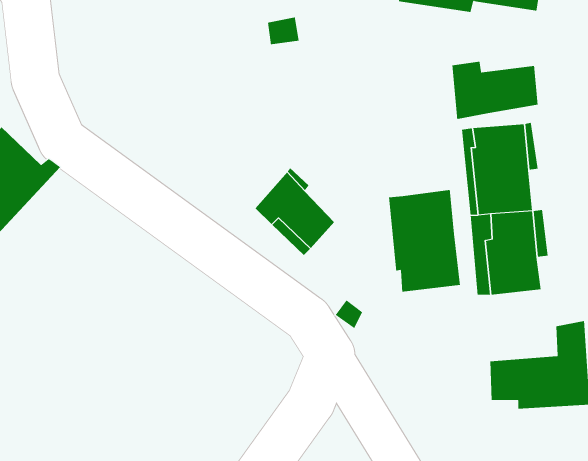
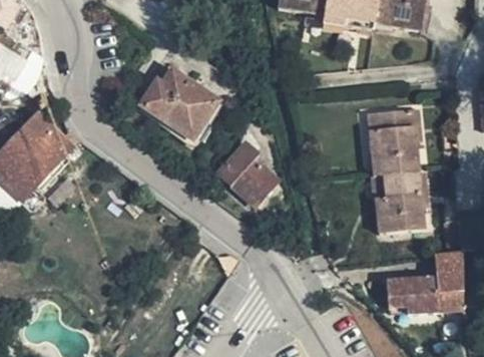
building: [452,61,538,120] -> none
building: none -> [139,69,220,139]
building: [388,189,460,293] -> none

